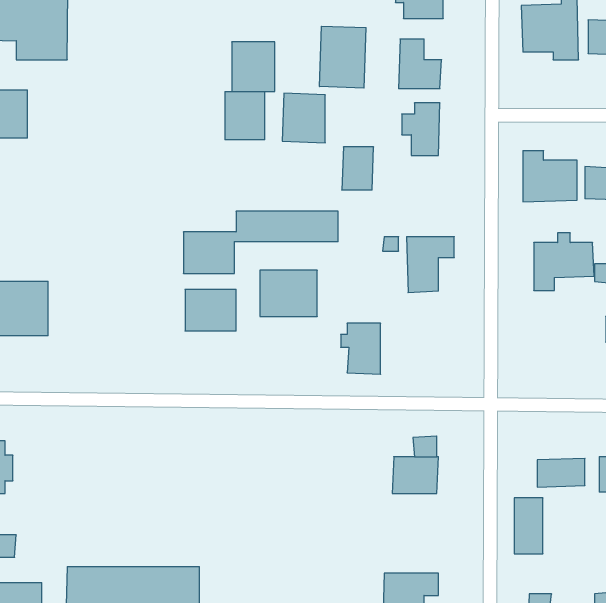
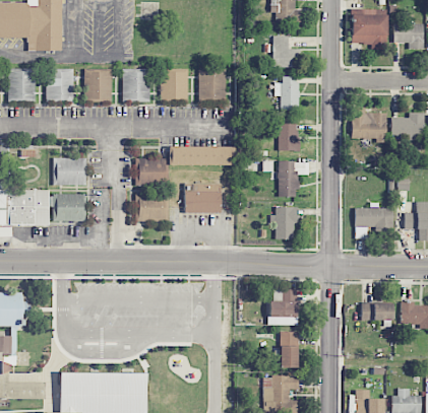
building: [320,26,366,88] -> none
building: [232,42,275,91] -> [122,69,149,100]
building: none -> [47,70,73,98]
building: none -> [86,70,111,98]
building: [342,147,374,190] -> [278,123,298,150]
building: none -> [53,157,86,185]
building: [534,233,594,290] -> [355,202,393,238]
building: none -> [53,194,86,220]
building: [341,323,381,374] -> [270,207,296,239]
building: [514,498,543,554] -> [280,332,298,367]

